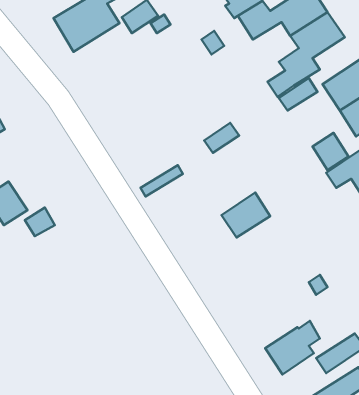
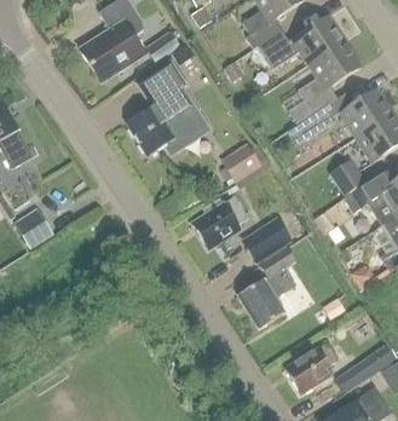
building: none -> [128,60,207,154]
building: none -> [194,197,249,248]
building: none -> [238,247,296,328]

